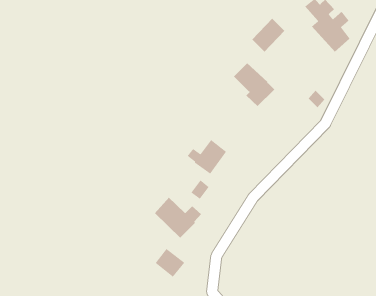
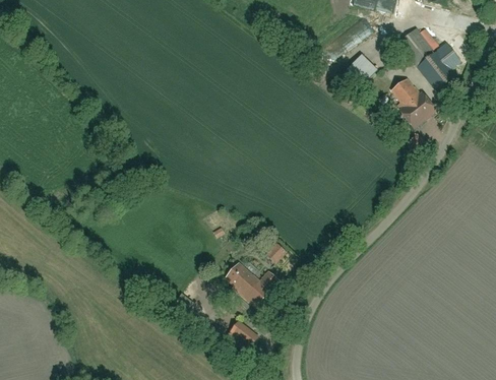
building: [233,63,275,107] -> [386,76,435,128]
building: [187,139,227,174] -> none

